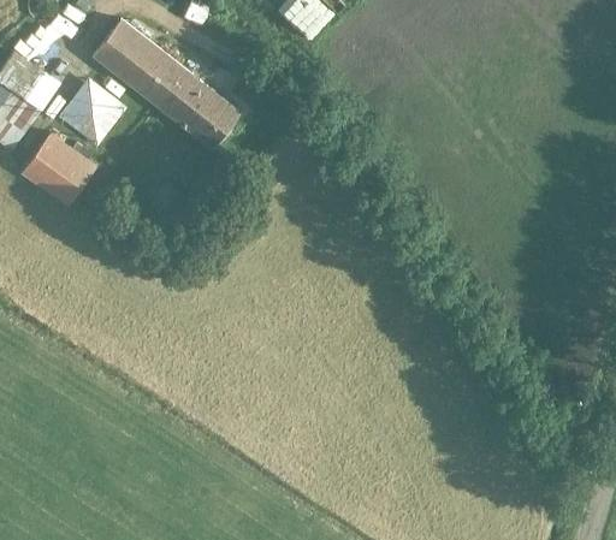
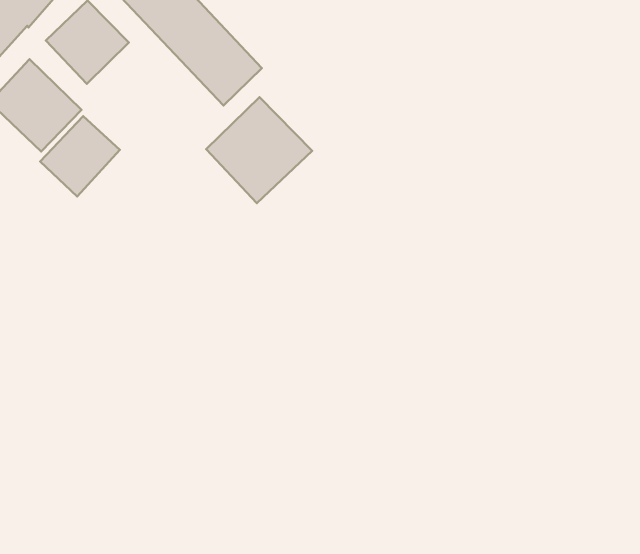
building: none -> [206,97,312,203]
building: none -> [40,116,120,196]

